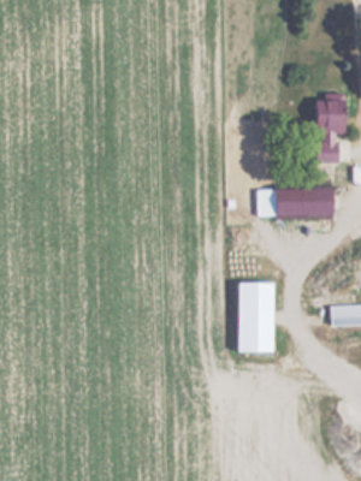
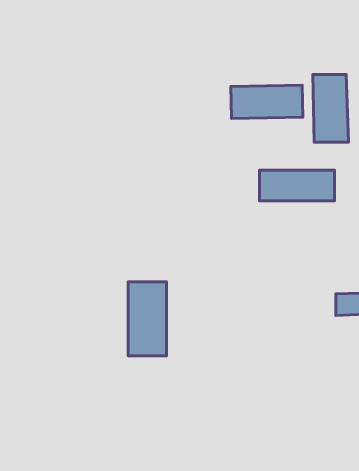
building: none -> [231,85,303,118]
building: [238,281,274,351] -> [128,282,166,356]

